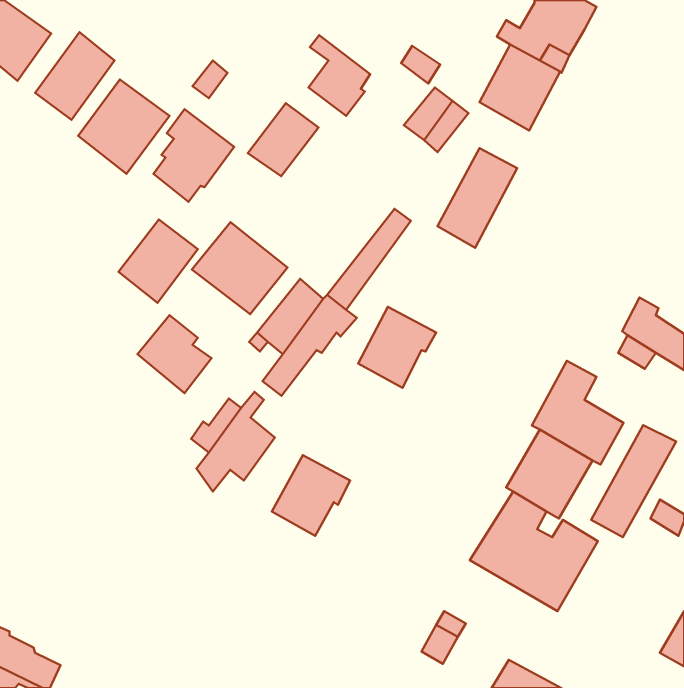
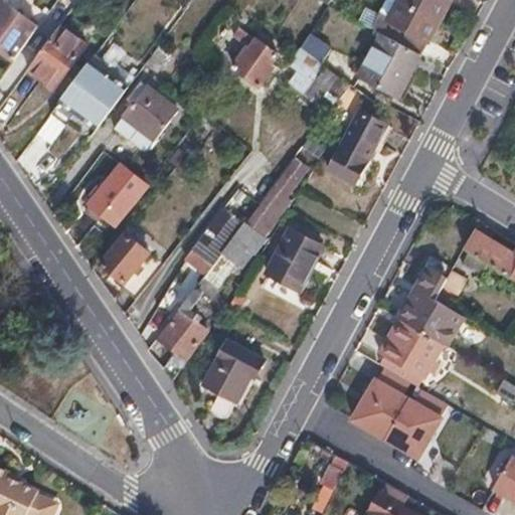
building: [248,103,318,176] -> none
building: [192,222,288,314] -> none
building: [591,425,676,537] -> none

